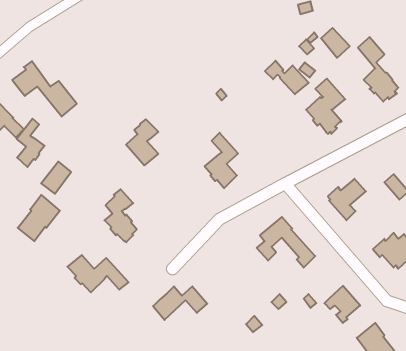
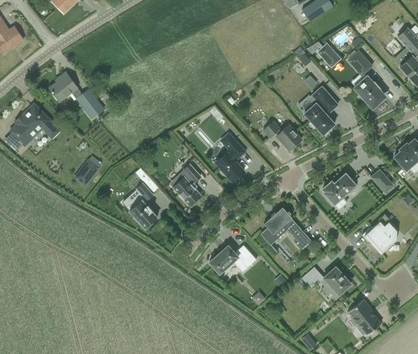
building: [265,61,309,94] -> [263,120,301,149]
building: [17,119,45,167] -> none
building: [126,119,158,165] -> [172,164,200,204]
building: [18,195,60,241] -> none
building: [67,255,129,292] -> none
building: [153,286,207,320] -> [209,244,256,273]

